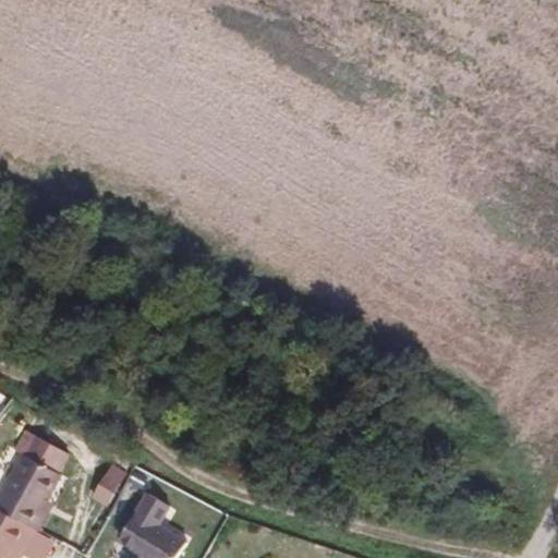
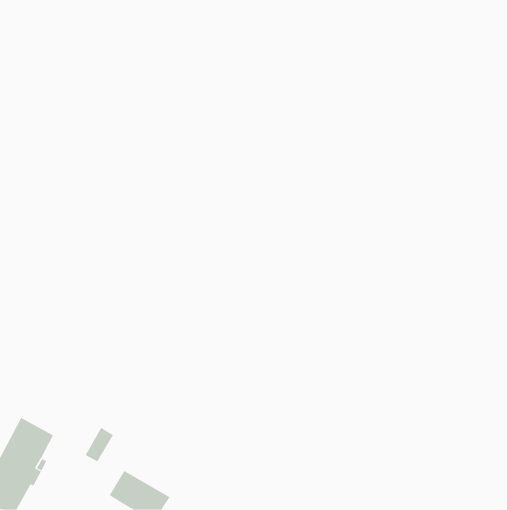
building: [14,430,66,474] -> none

